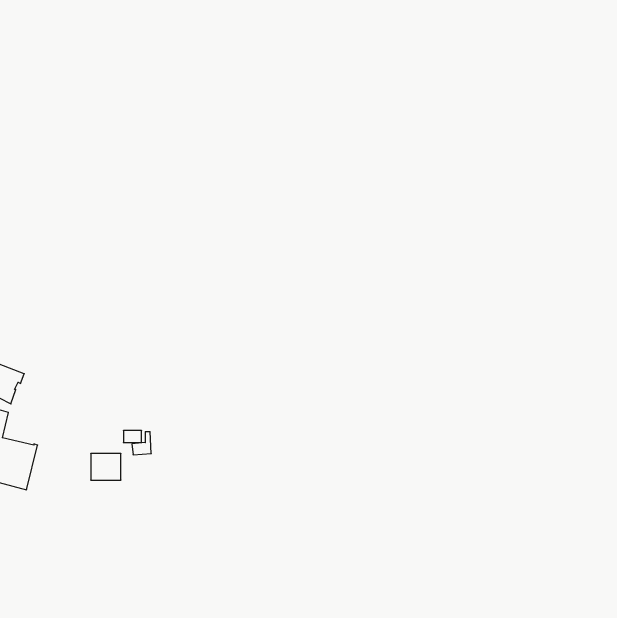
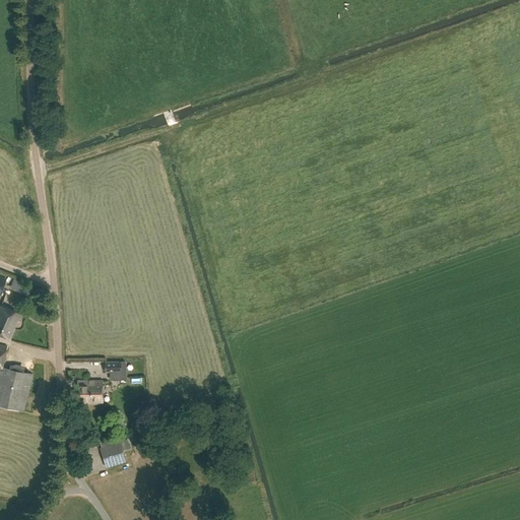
building: none -> [99,443,124,466]

